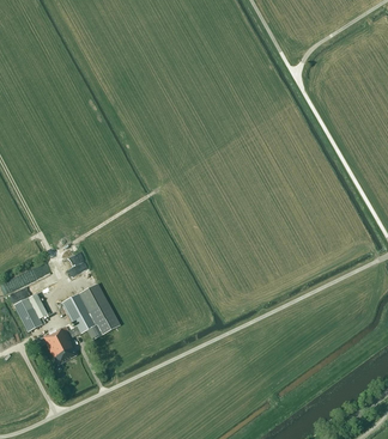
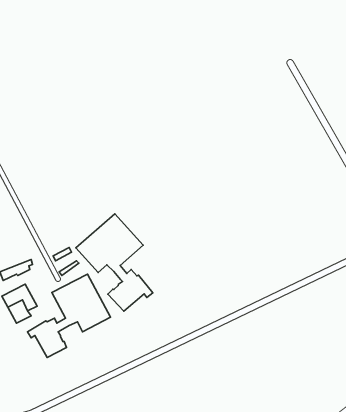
building: none -> [76,214,153,311]

